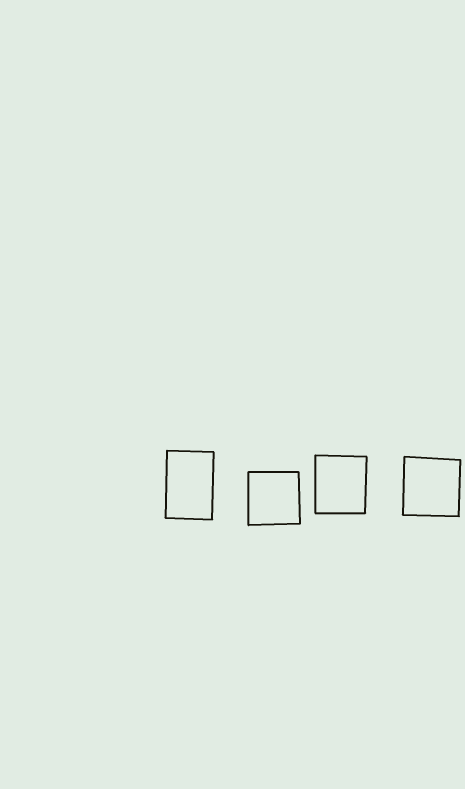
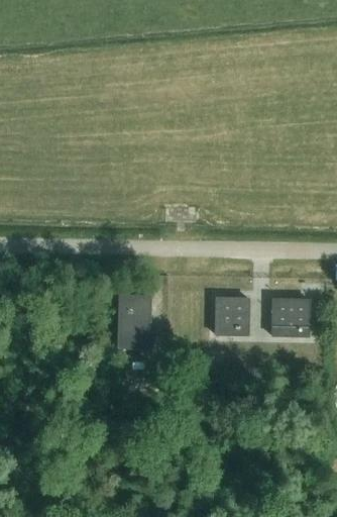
building: [249,472,300,525] -> none

